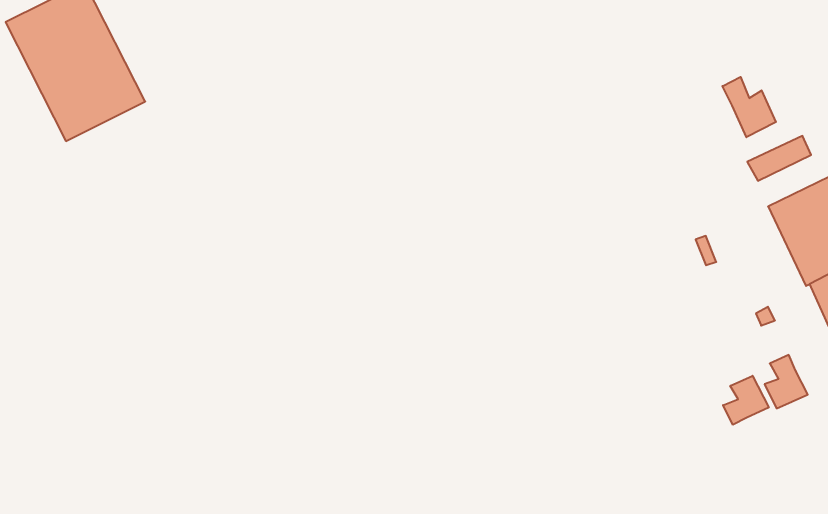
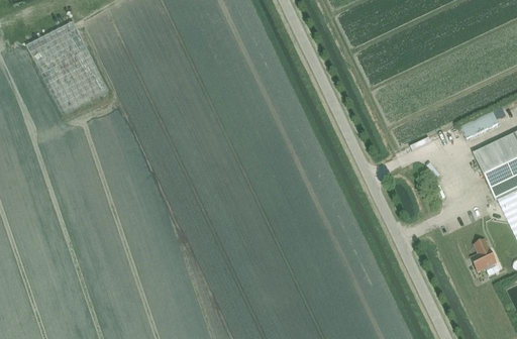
building: [722,77,776,137] -> none
building: [723,376,769,425] -> none

